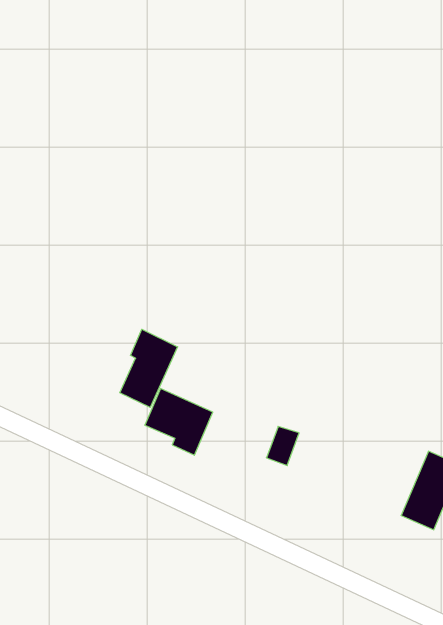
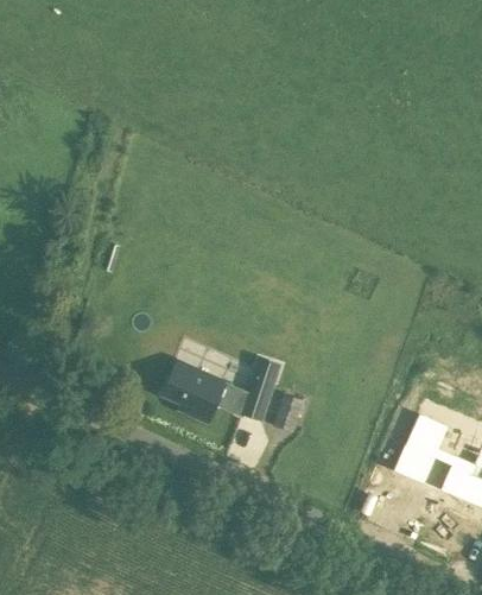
building: [120,329,178,407] -> none
building: none -> [240,361,277,416]

